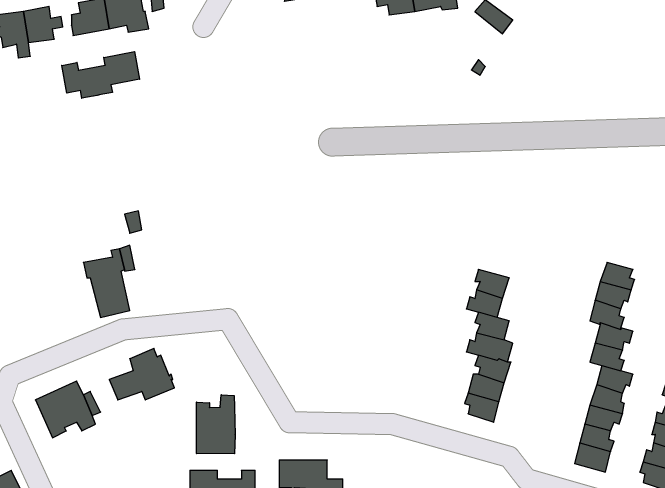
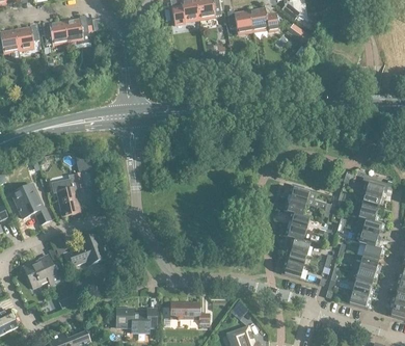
building: [62,52,140,98] -> none
building: none -> [11,182,51,223]
building: [197,395,235,454] -> none

